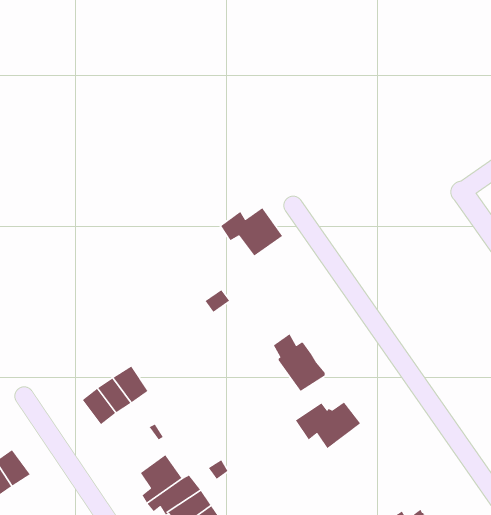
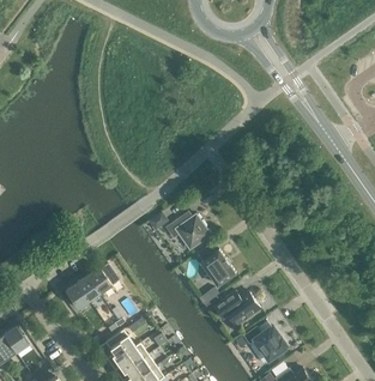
building: [220,207,283,257] -> [165,216,210,250]
building: none -> [243,328,286,364]

